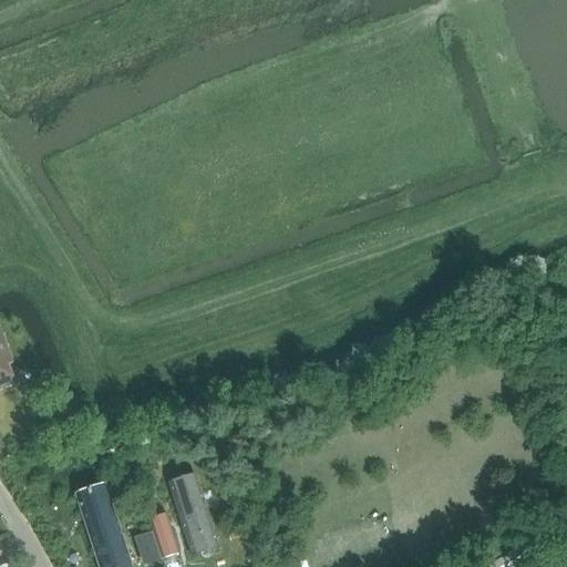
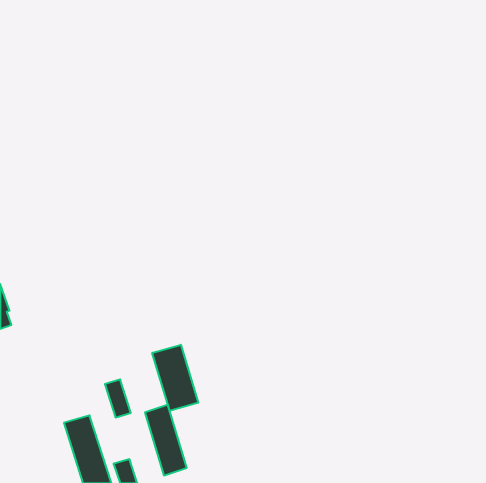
building: none -> [152,345,198,411]
building: [148,512,178,556] -> [105,379,131,417]

